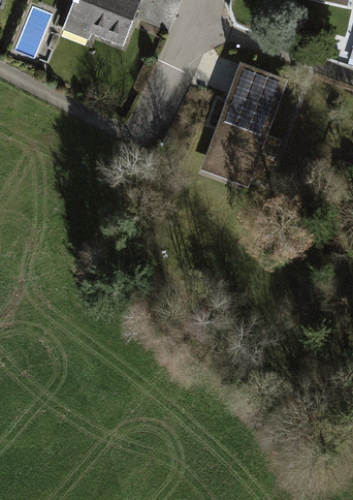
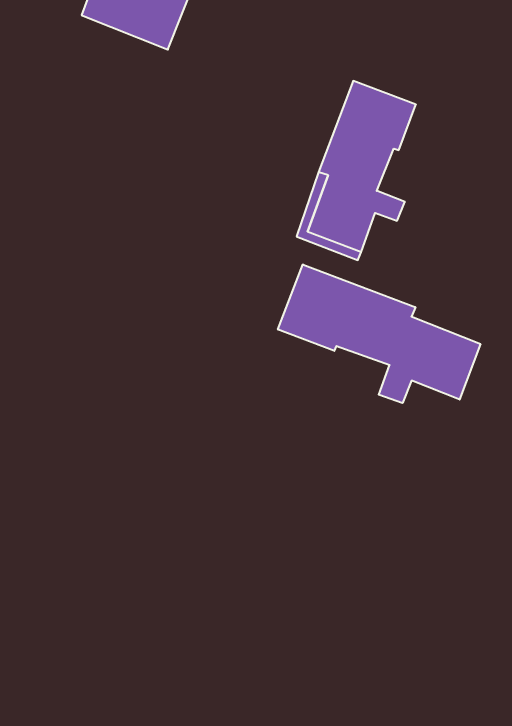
building: none -> [278,264,480,403]

